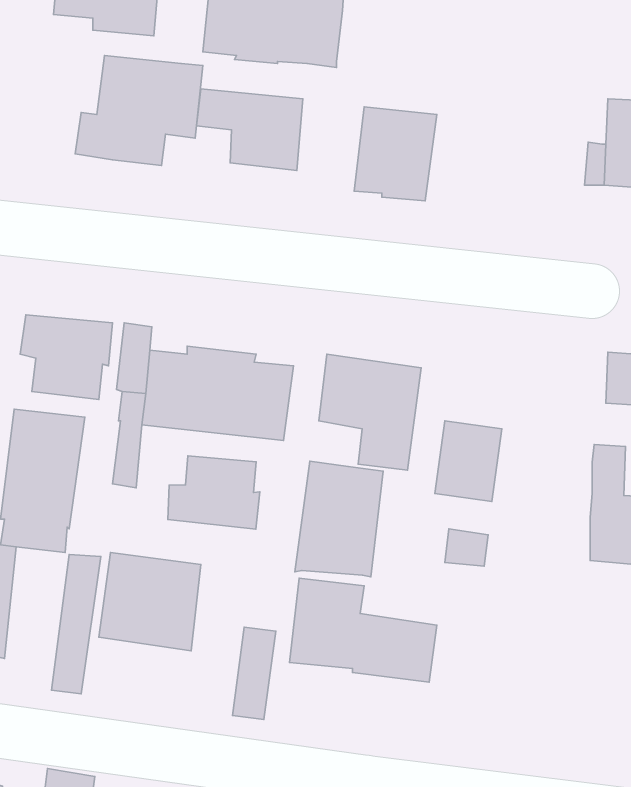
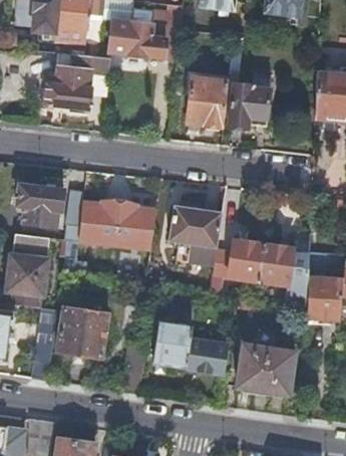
building: [196,89,303,170] -> none
building: none -> [228,83,271,128]
building: none -> [257,243,308,288]
building: [168,456,260,529] -> none
building: [295,461,383,577] -> none
building: none -> [235,343,294,395]

